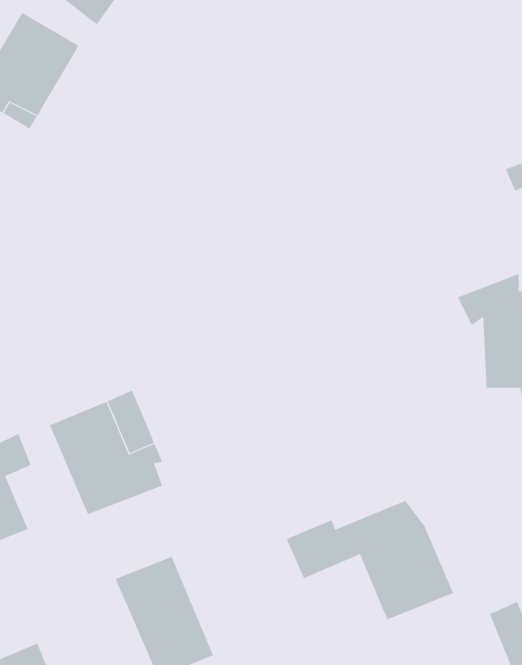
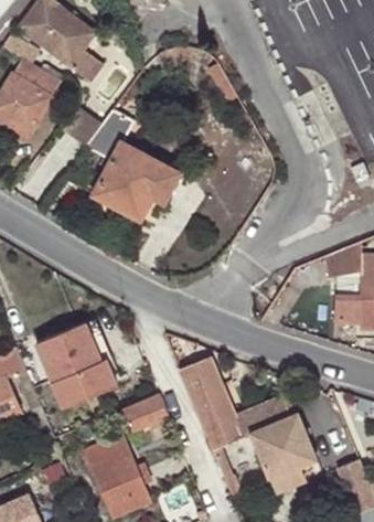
building: none -> [85,110,179,221]
building: none -> [181,358,233,423]
building: none -> [114,395,168,433]

